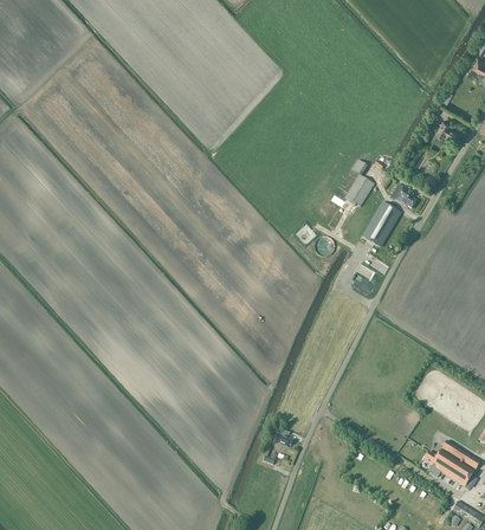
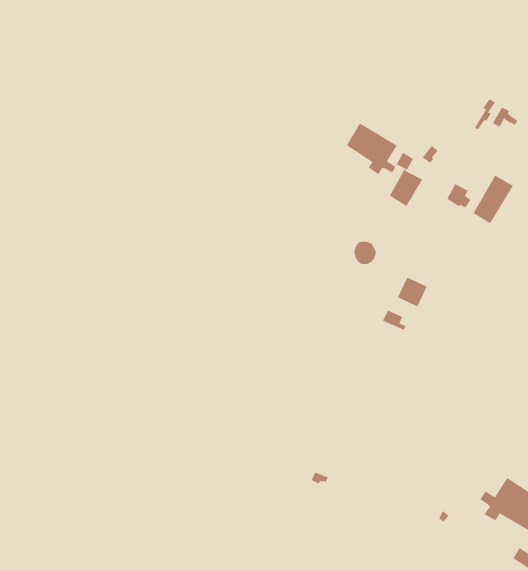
building: none -> [346,123,397,175]
building: [364,203,400,246] -> [473,175,514,224]

